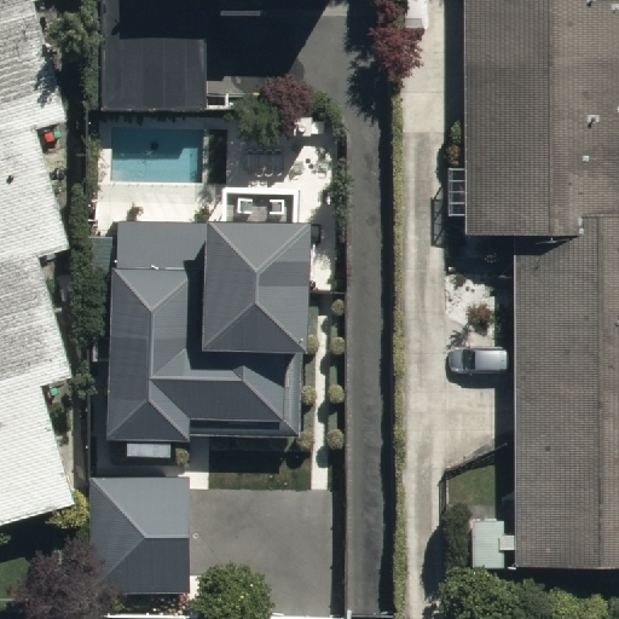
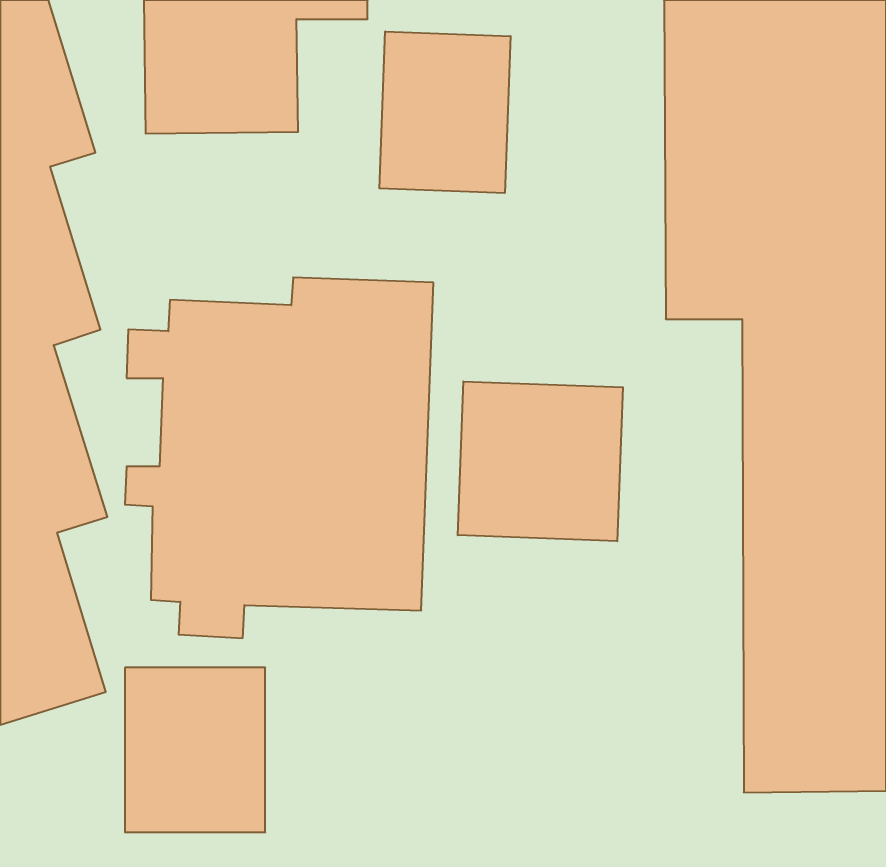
building: none -> [379,31,511,193]
building: none -> [458,381,623,541]

